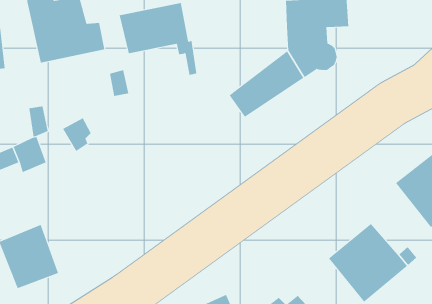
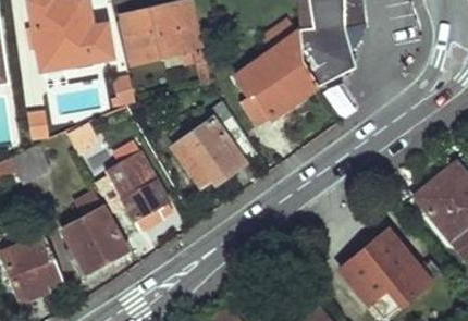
building: none -> [234,30,301,98]
building: none -> [173,101,256,185]
building: none -> [104,151,168,230]
building: none -> [60,188,123,274]

